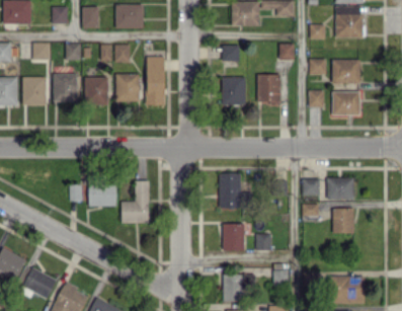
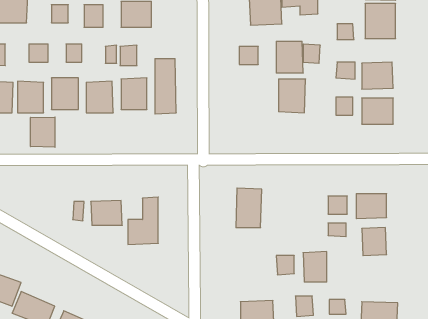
building: [222,77,246,105] -> [276,41,303,73]
building: none -> [31,117,55,147]
building: [223,223,244,250] -> [303,252,327,282]

